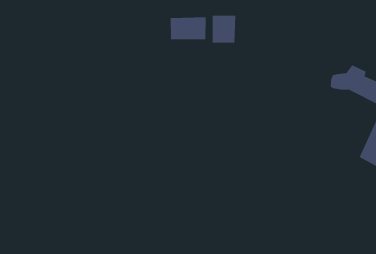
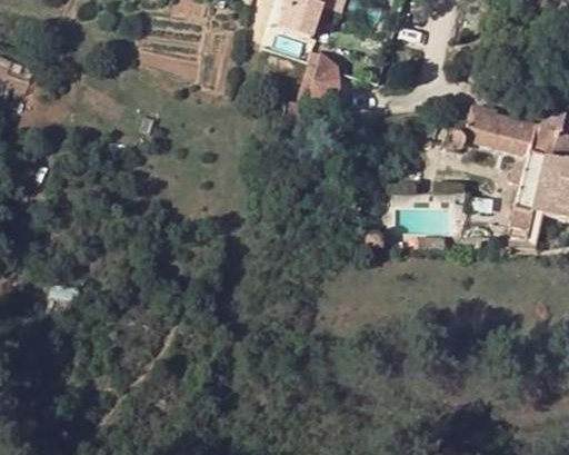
building: [170,17,206,40] -> none

